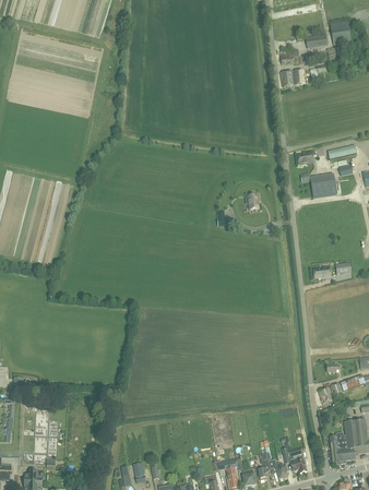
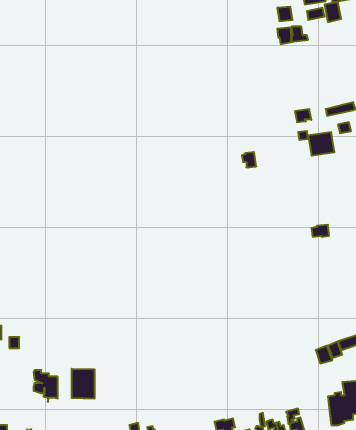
building: none -> [72,369,94,399]

